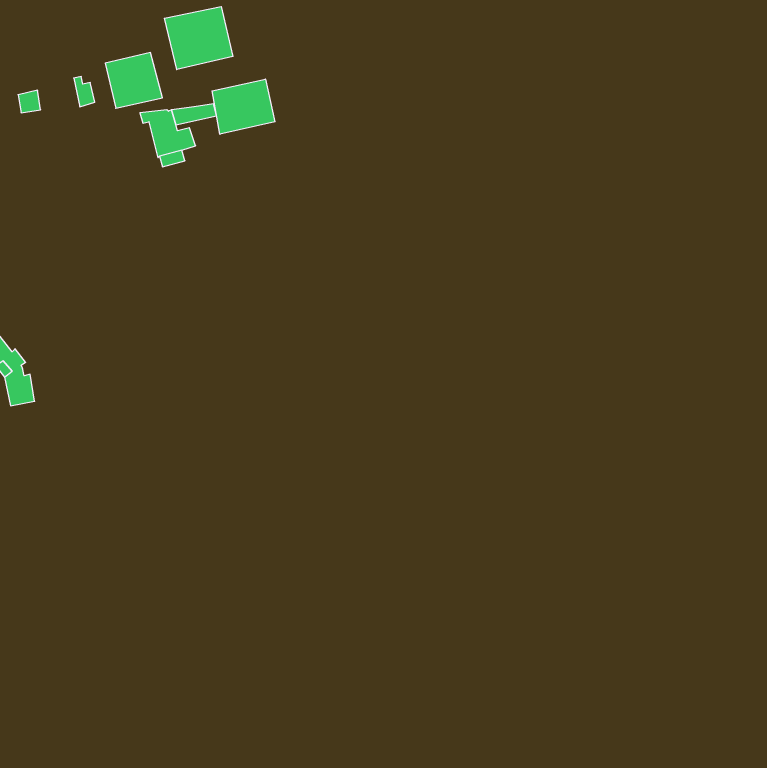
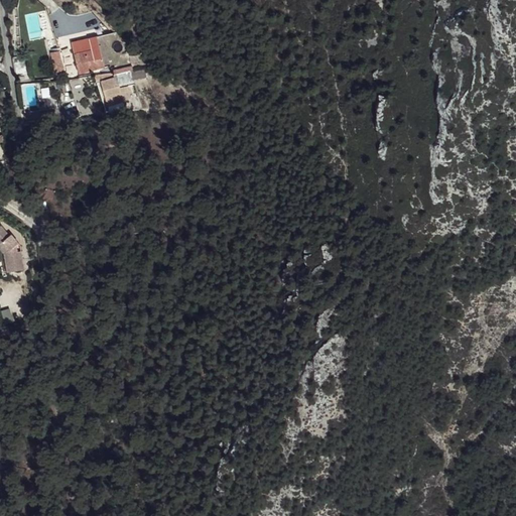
building: [164,7,233,70] -> none
building: [212,79,275,134] -> none

